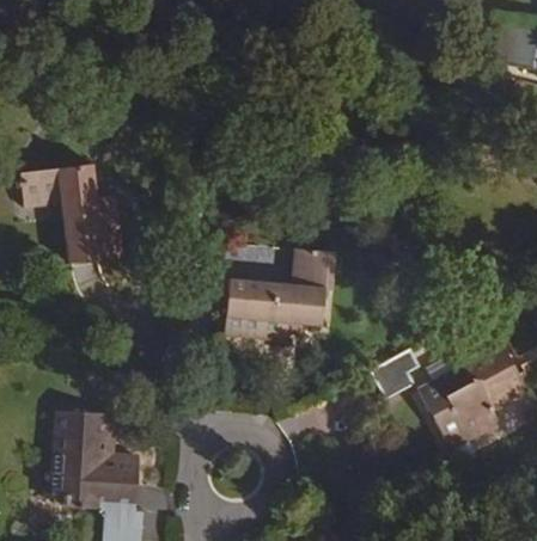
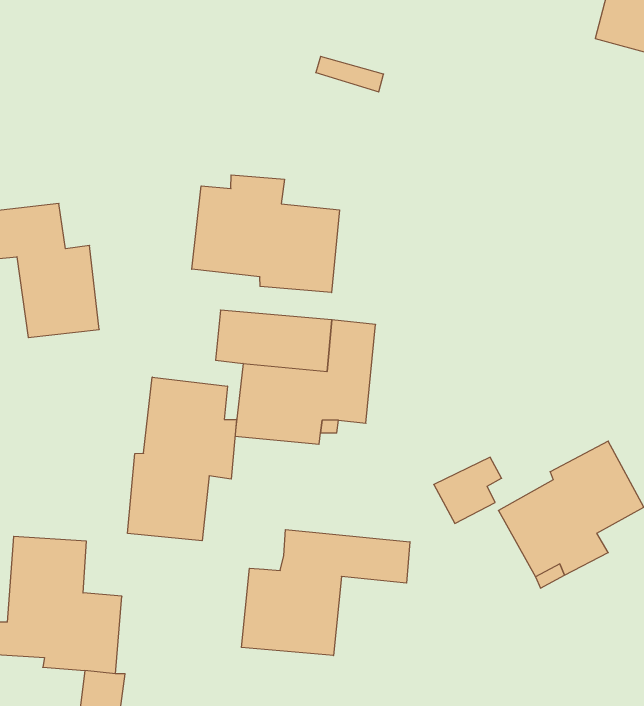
building: none -> [192,175,339,293]
building: none -> [128,377,236,541]
building: none -> [241,530,410,656]

